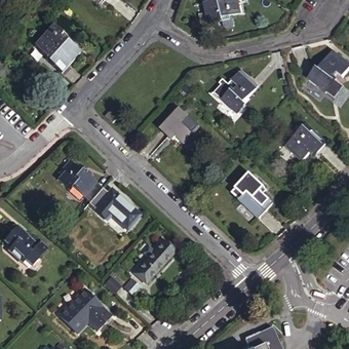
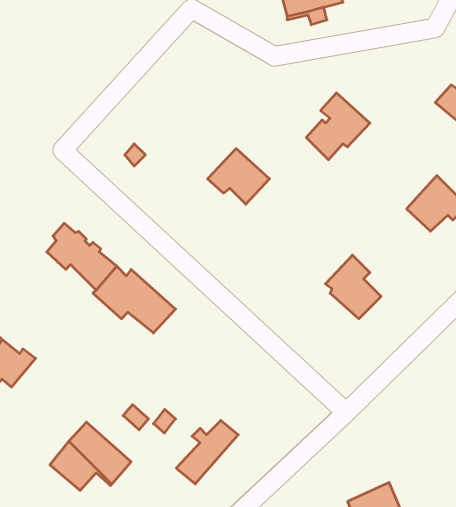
building: [35,24,81,72] -> none
building: [131,240,171,281] -> [176,420,238,484]

